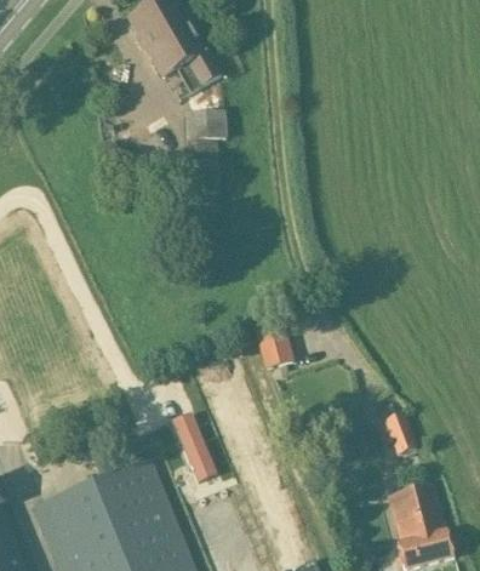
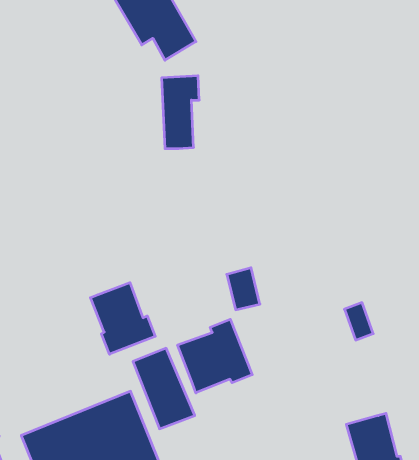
building: none -> [90,283,155,354]
building: none -> [178,319,252,393]
building: [383,413,415,455] -> [344,303,373,340]

